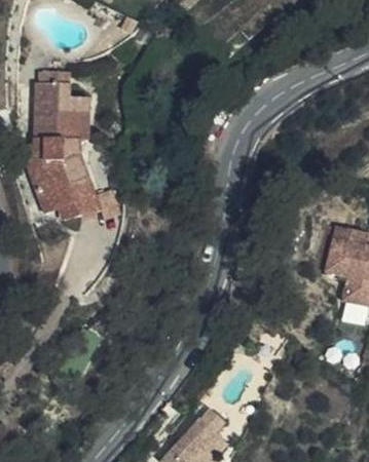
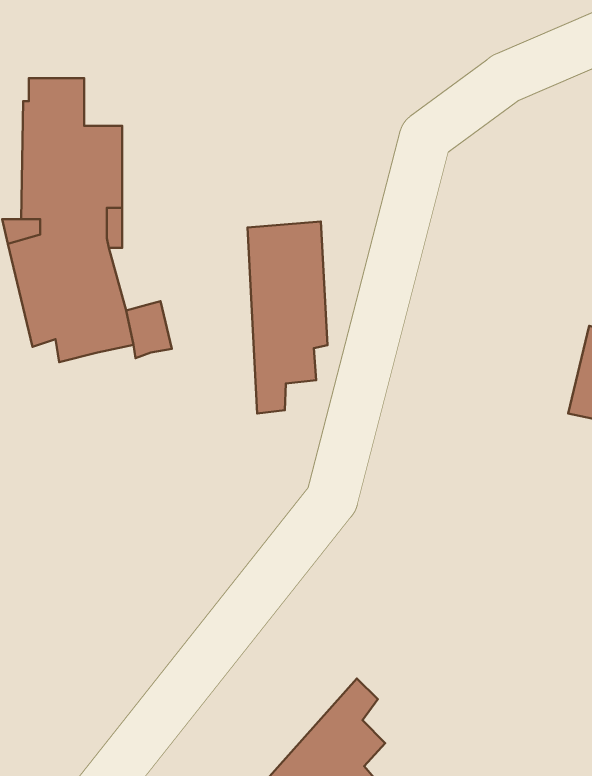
building: none -> [247,222,328,414]

